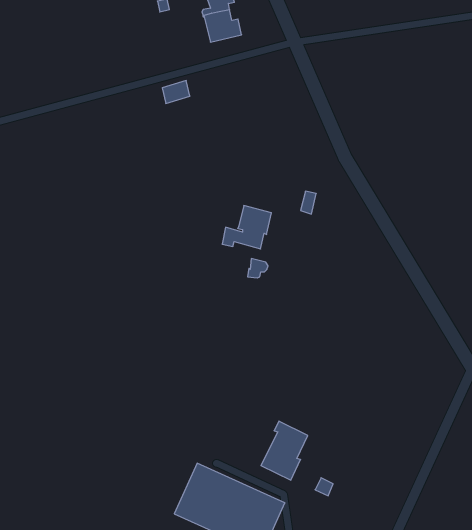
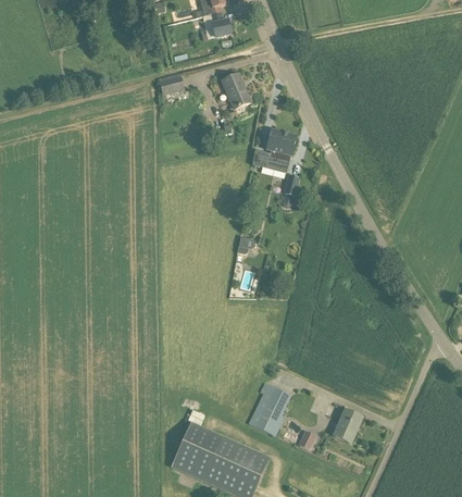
building: none -> [221,73,250,109]
building: [222,206,271,249] -> [251,129,296,169]
building: none -> [333,409,360,443]

